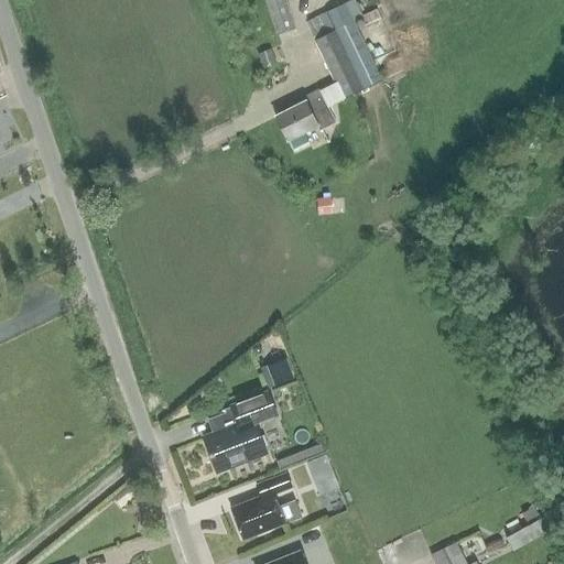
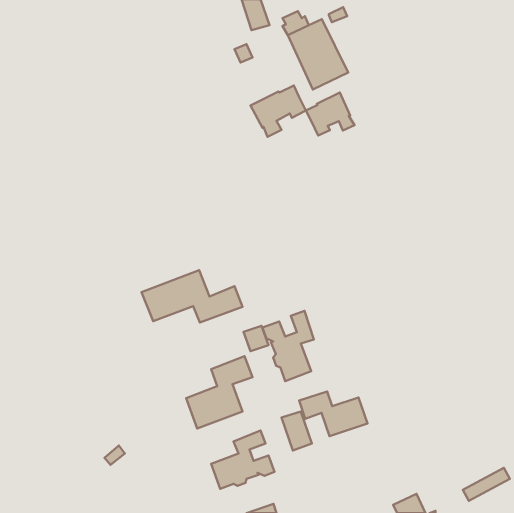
building: none -> [306,93,354,136]
building: none -> [142,270,242,323]
building: none -> [262,311,314,381]
building: none -> [299,392,367,436]

